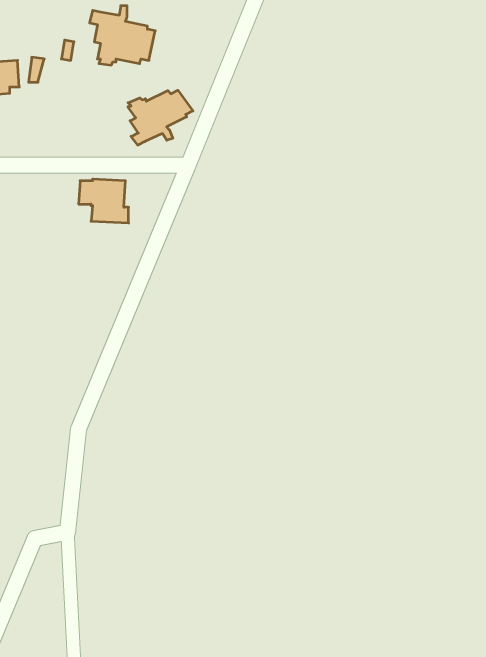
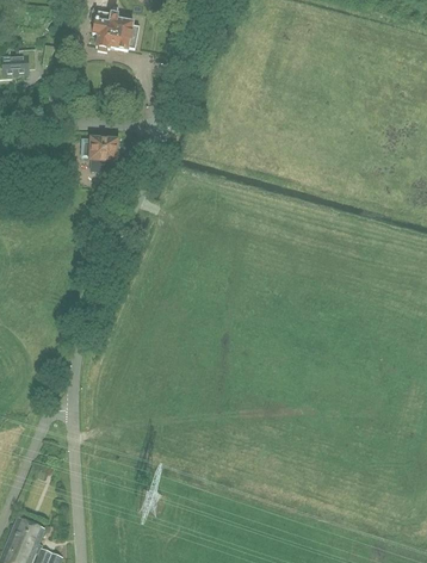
building: [128,90,193,145] -> none

